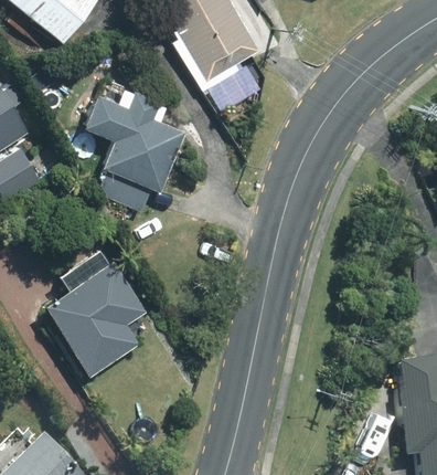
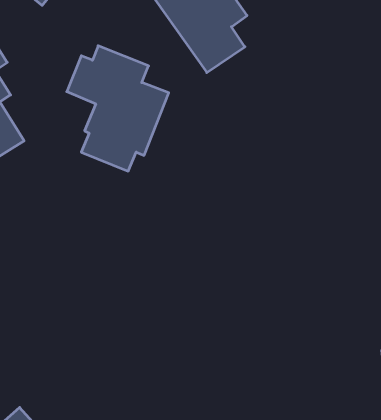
building: [43,257,151,378] -> none

